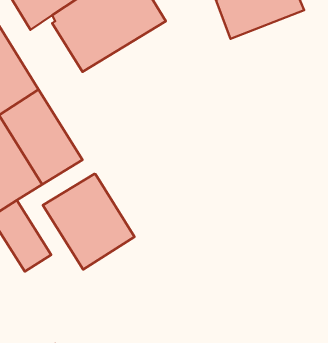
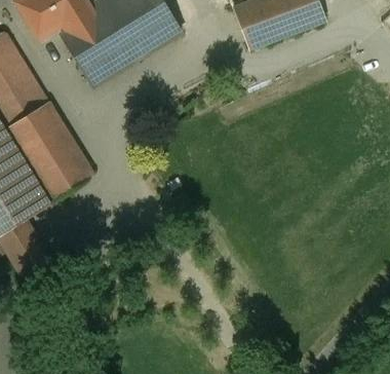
building: [43,174,134,269] -> none

